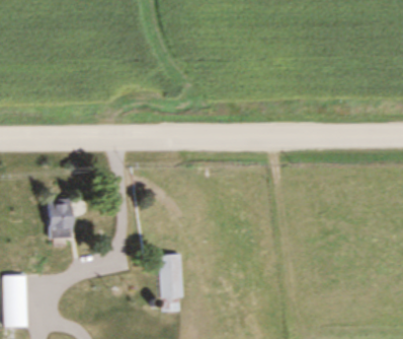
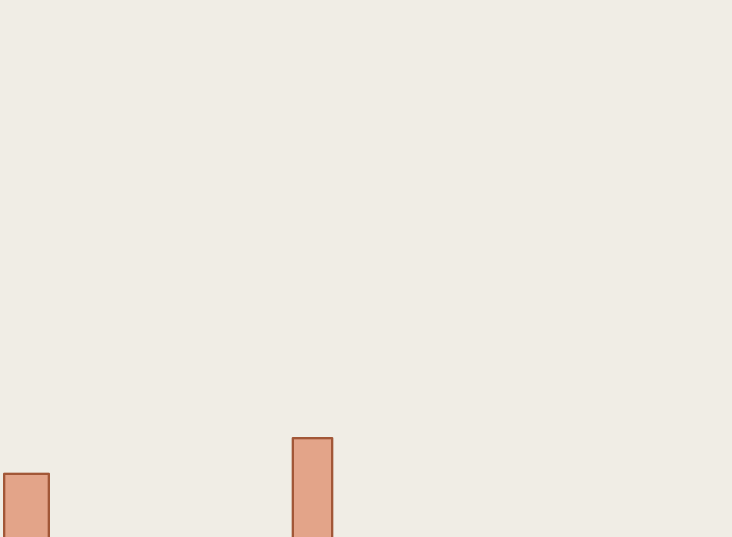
building: [46,200,72,239] -> none

